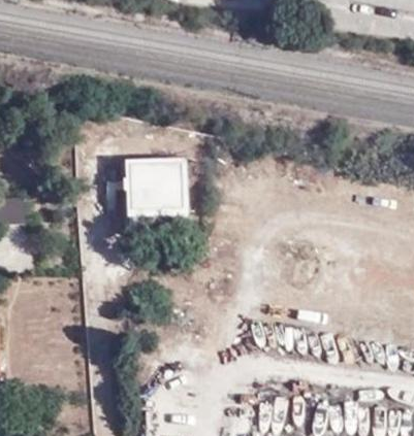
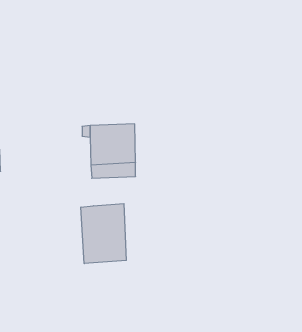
building: none -> [81,204,126,264]

